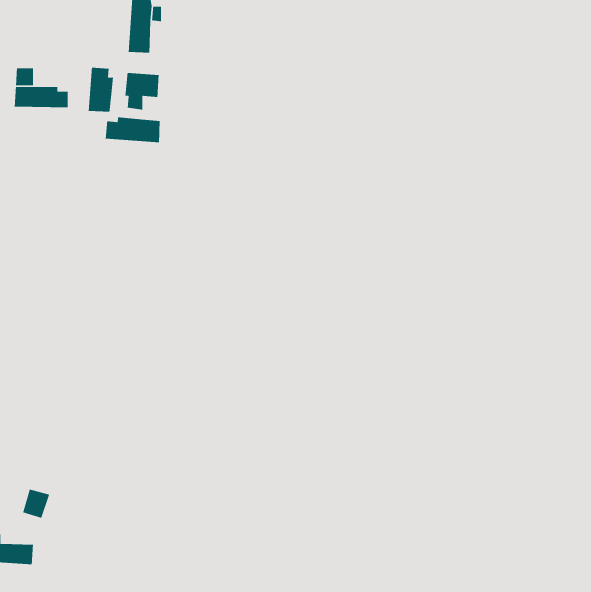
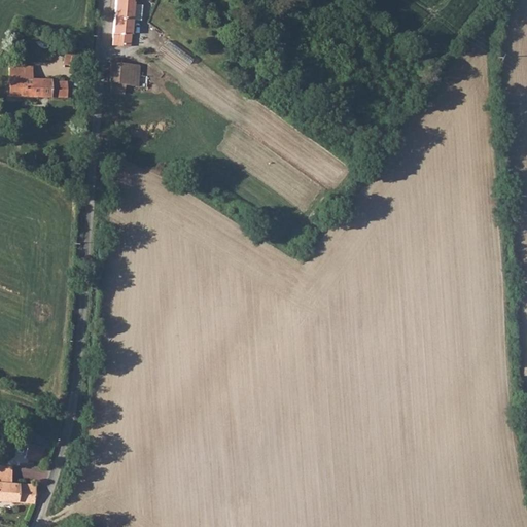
building: [88,67,114,112] -> none
building: [105,116,161,143] -> none

